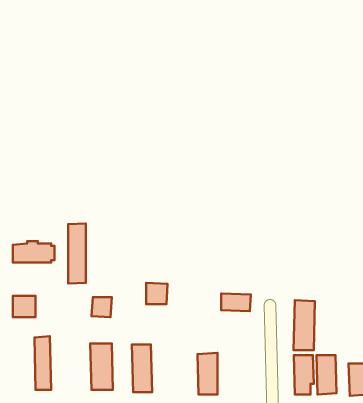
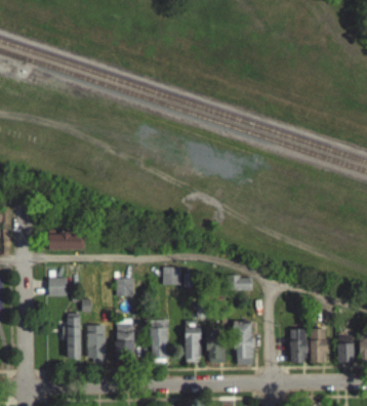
building: [68,223,86,283] -> none
building: [293,300,315,350] -> [235,322,253,365]
building: none -> [185,324,201,363]
building: none -> [87,325,106,363]

